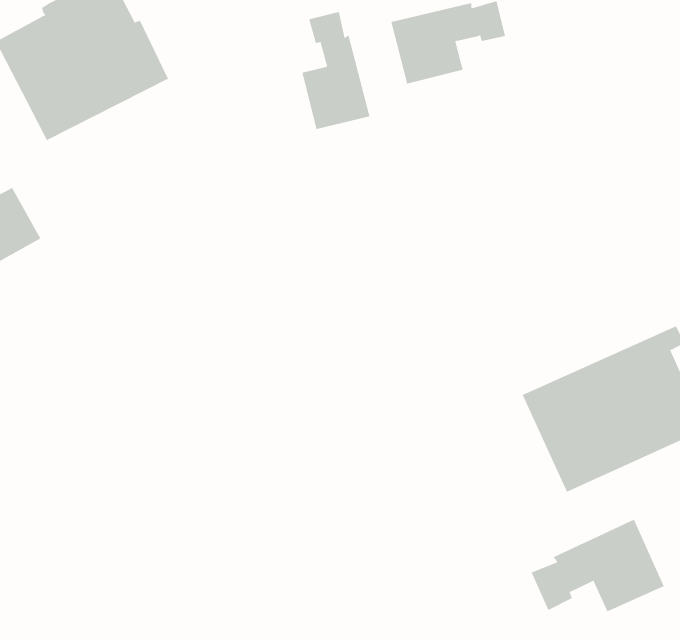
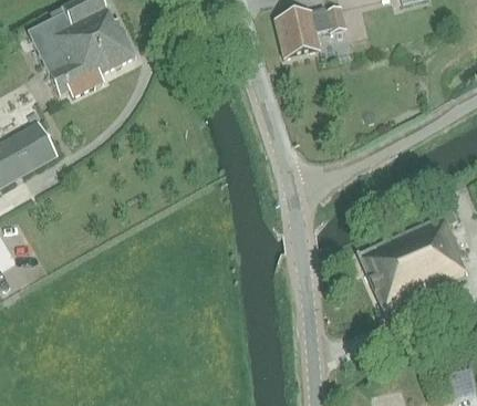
building: [302,11,370,130] -> none
building: [531,519,664,612] -> none

